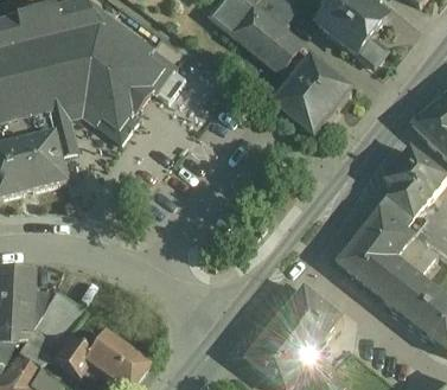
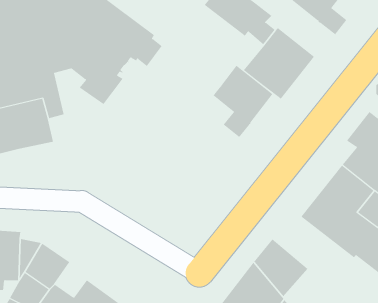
building: none -> [212,65,273,138]

